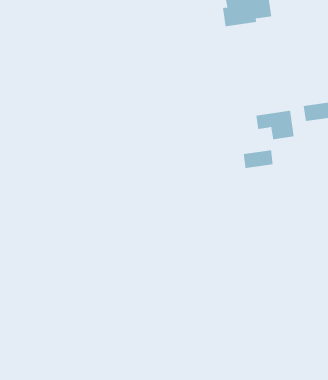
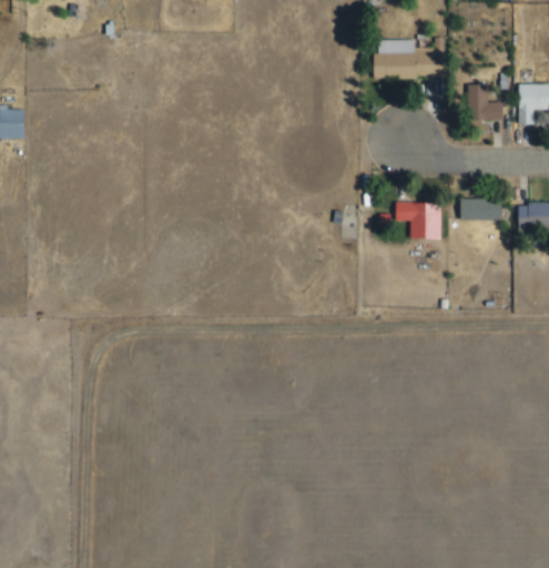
building: none -> [469,82,501,120]
building: [243,149,273,169] -> none

